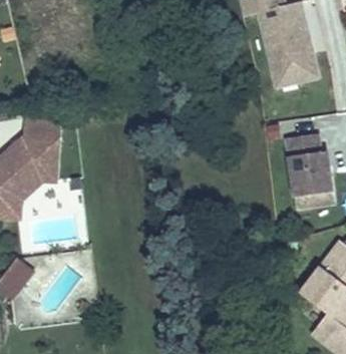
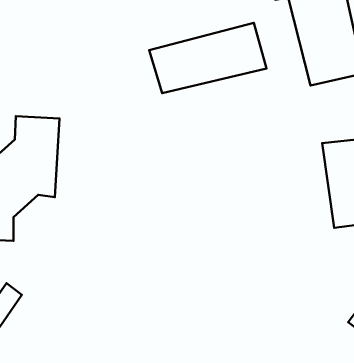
building: none -> [149,23,266,93]

